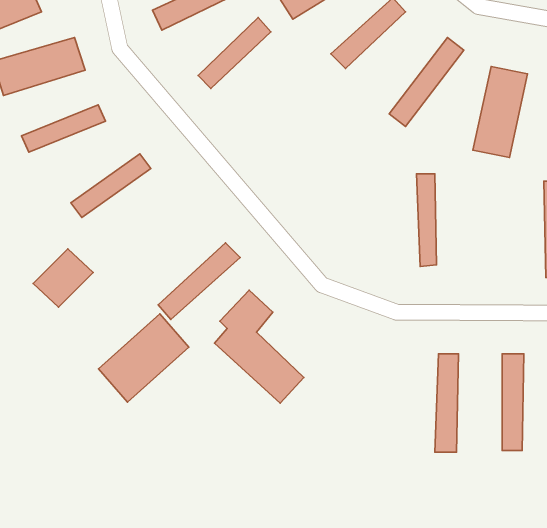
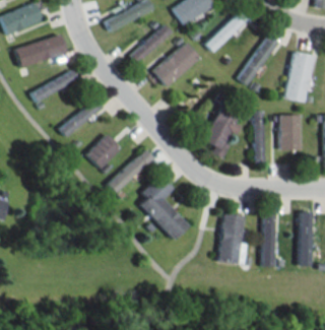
building: none -> [150,45,197,86]
building: none -> [201,109,239,158]
building: none -> [276,116,297,150]
building: [33,249,93,307] -> [84,136,118,169]
building: [98,314,189,402] -> none
building: none -> [217,214,245,264]

